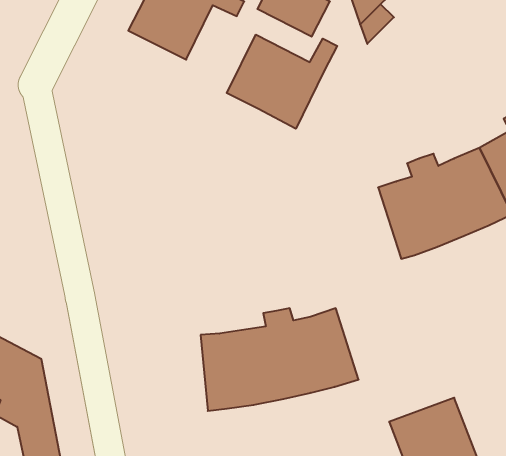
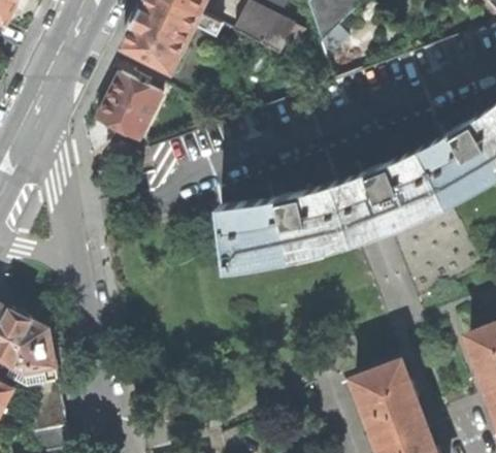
building: [227,35,337,129] -> none
building: none -> [97,73,162,140]
building: [201,308,359,411] -> [221,183,356,270]

